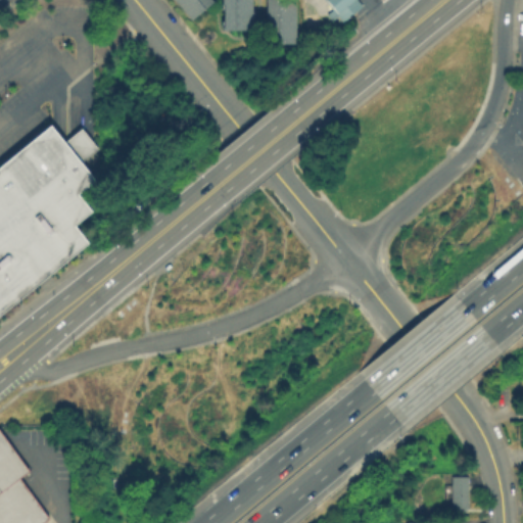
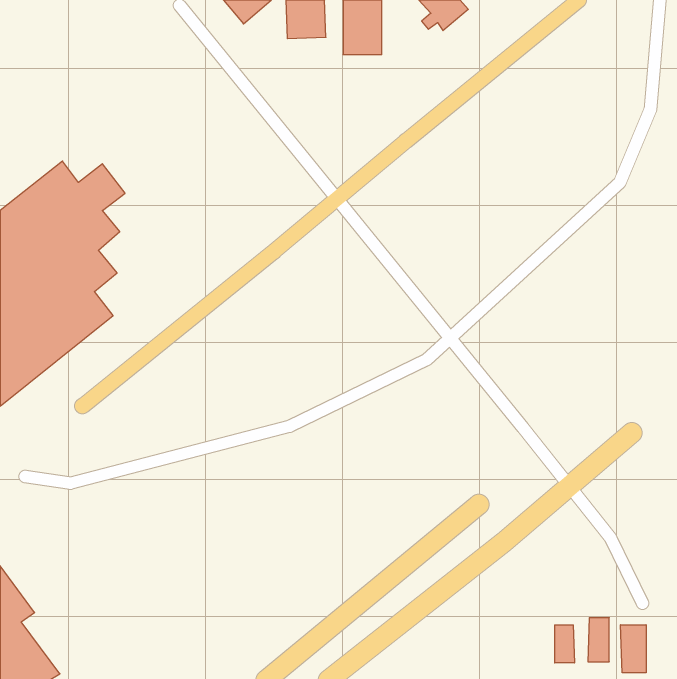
building: none -> [621,625,646,673]
building: none -> [555,625,574,663]

